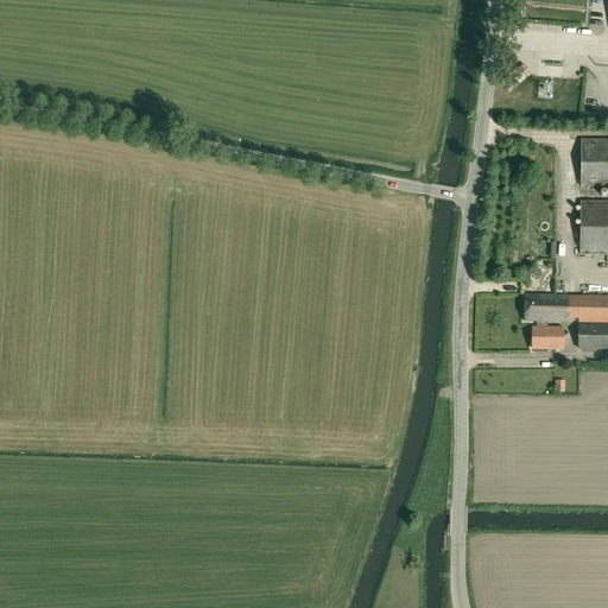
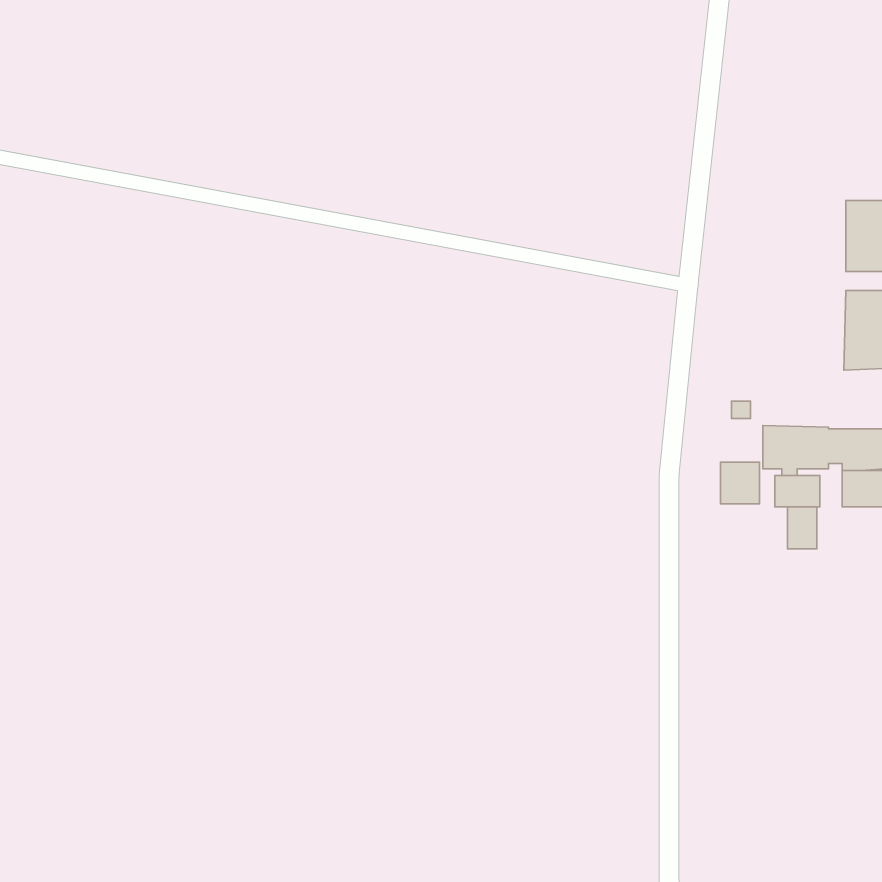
building: none -> [720,462,759,504]
building: none -> [787,507,817,549]

